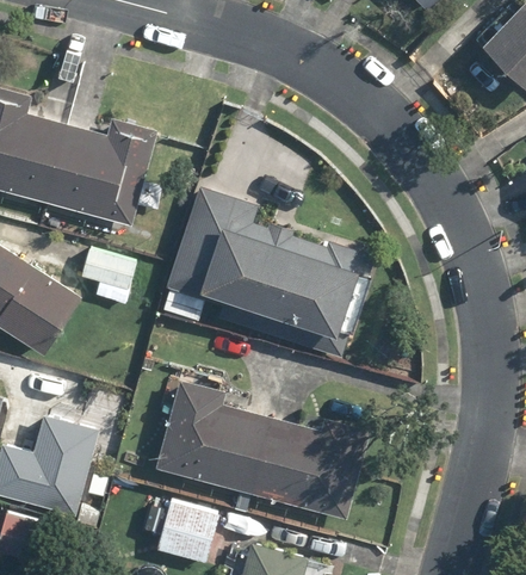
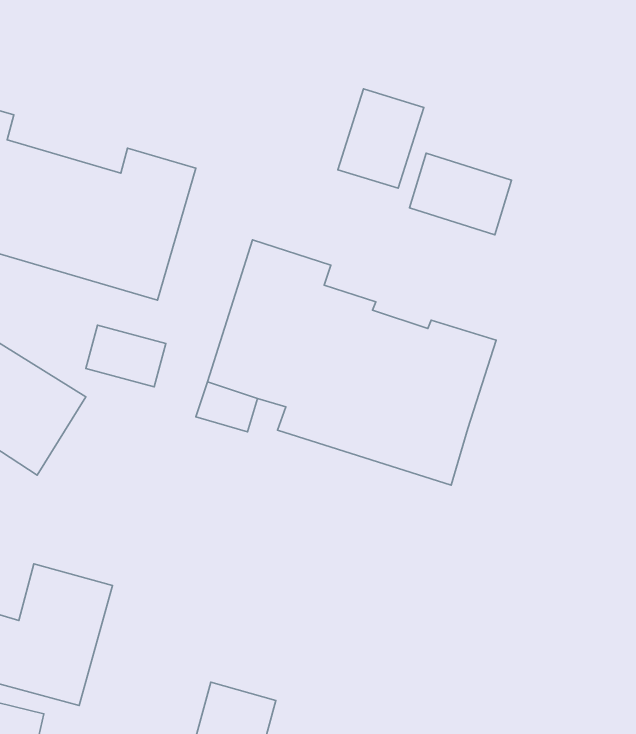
building: none -> [338,89,424,188]
building: none -> [410,153,512,235]
building: [153,376,369,519] -> none

